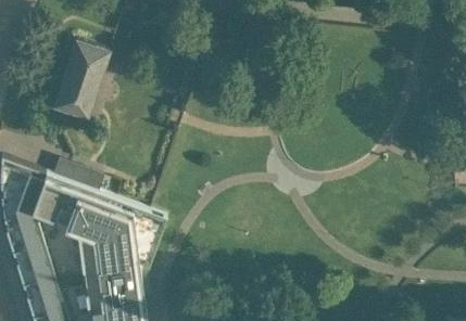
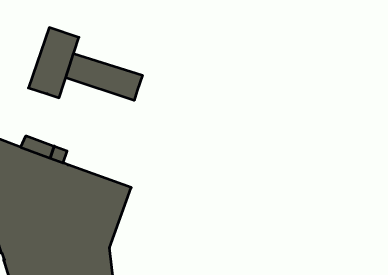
building: none -> [66,53,142,100]

